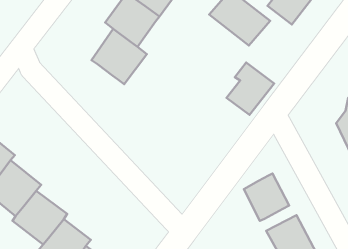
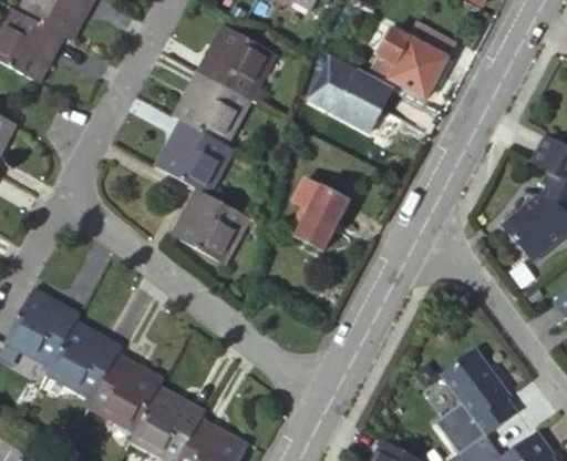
building: [227,62,274,115] -> [286,173,347,243]
building: none -> [178,199,255,275]
building: [244,174,289,221] -> none

